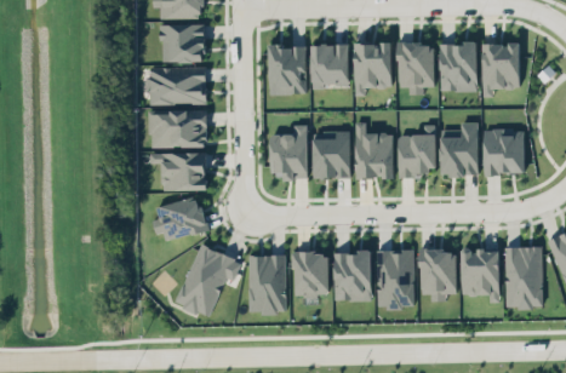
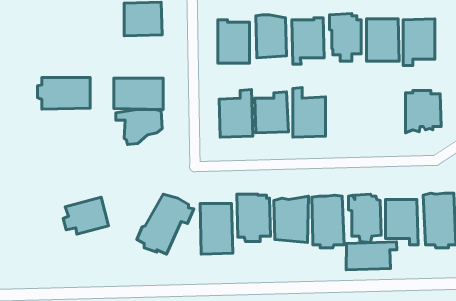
building: [145,67,206,103] -> [37,77,90,109]
building: [440,122,478,176] -> none
building: [398,127,435,179] -> none
building: [150,194,202,236] -> [63,197,108,234]
building: none -> [346,242,397,270]

